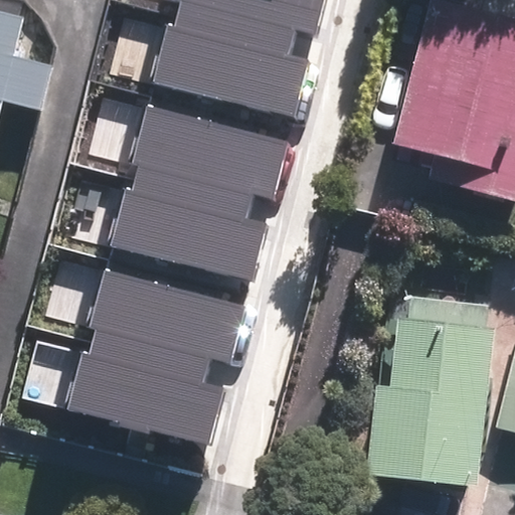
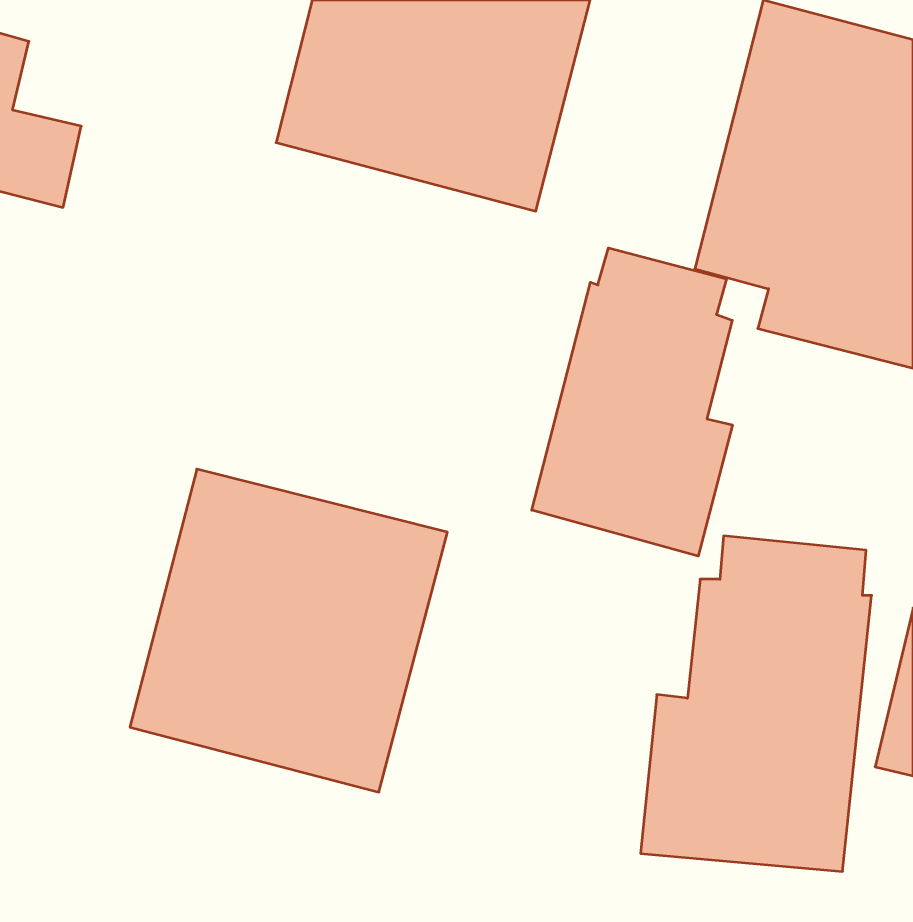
building: [120,101,294,274] -> none
building: none -> [532,248,732,556]

